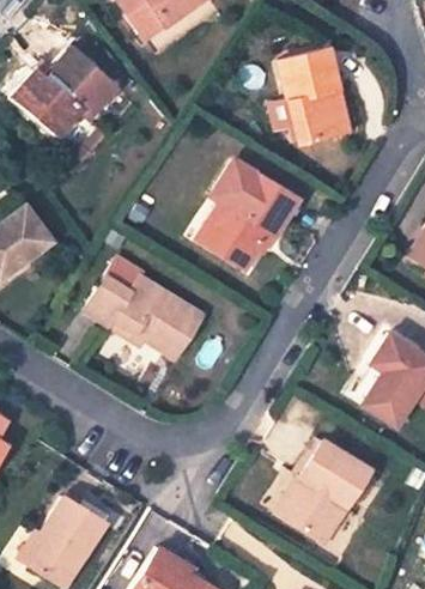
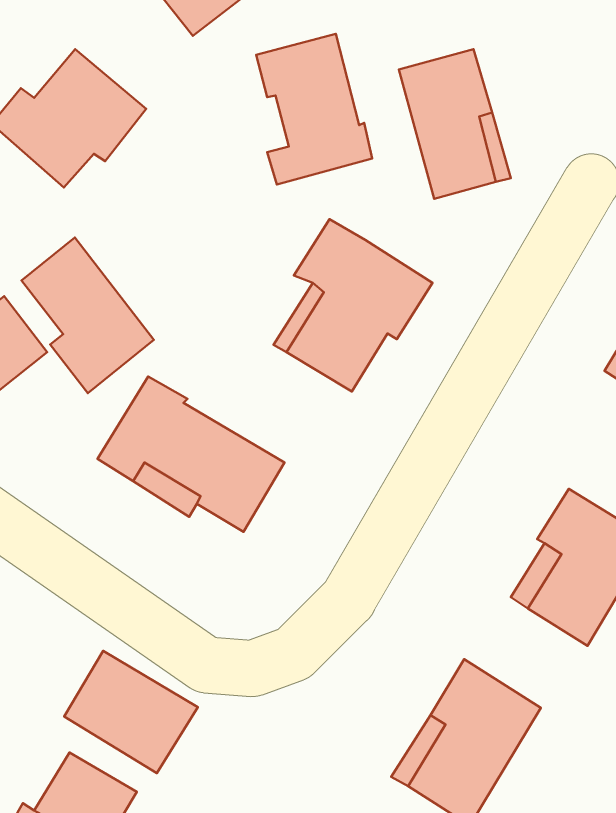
building: none -> [256,34,372,185]
building: none -> [22,237,154,393]
building: none -> [64,651,198,773]

